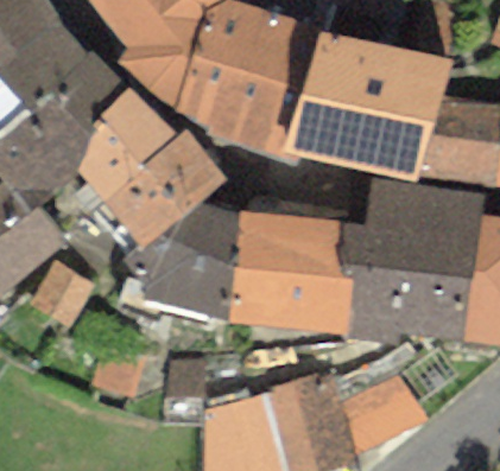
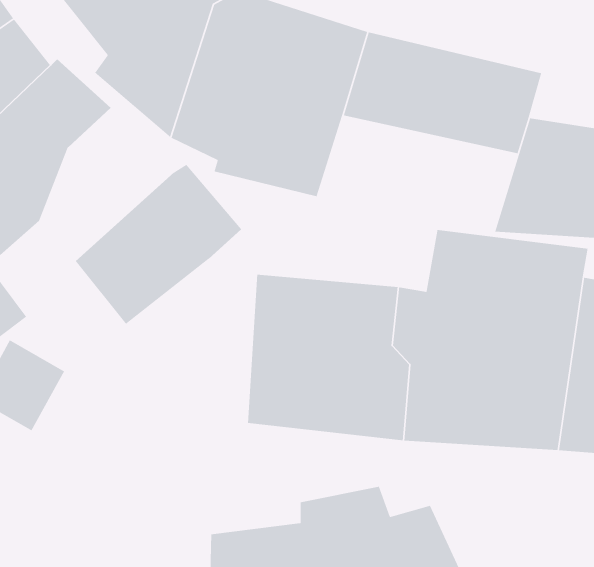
building: [77,87,177,201] -> none
building: [284,93,433,179] -> none
building: [122,199,239,322] -> none

